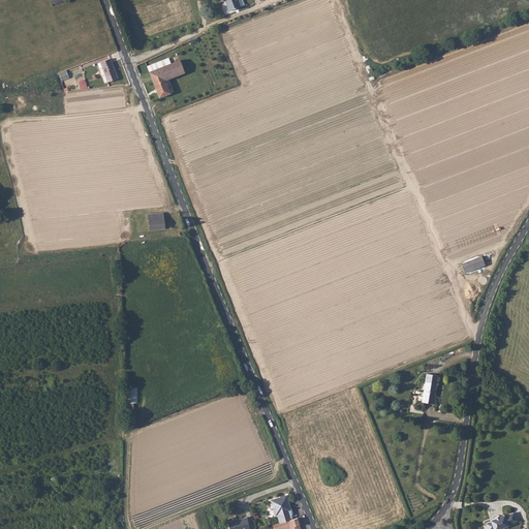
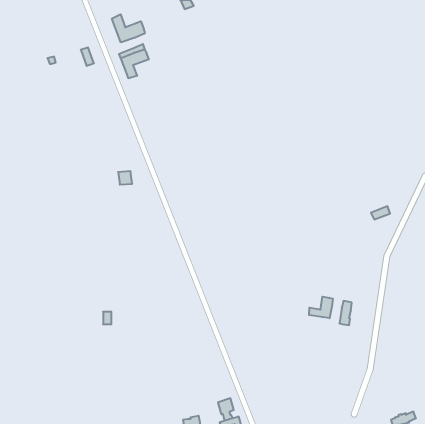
building: none -> [112,14,145,42]
building: none -> [309,297,333,318]

